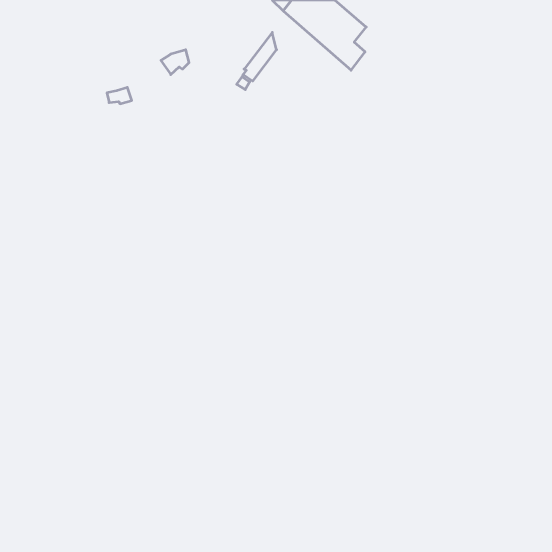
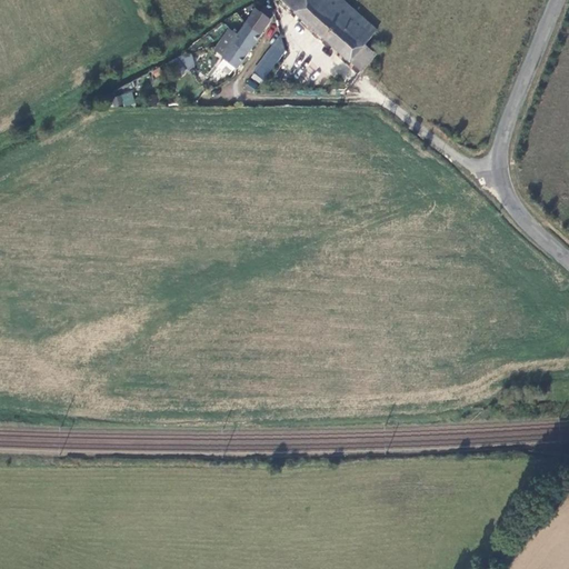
building: none -> [212,7,270,68]

